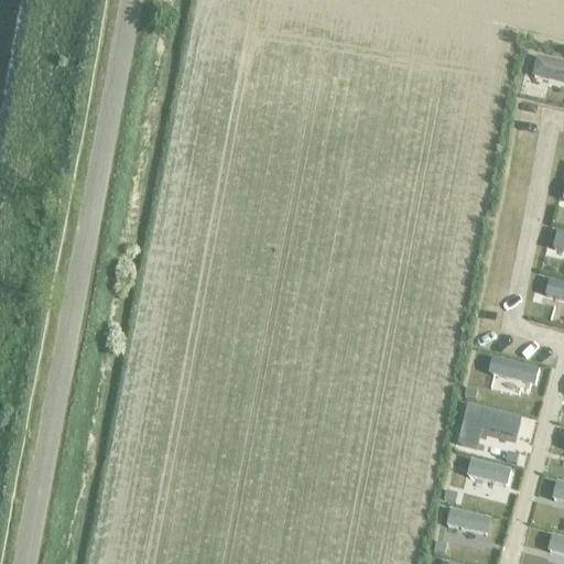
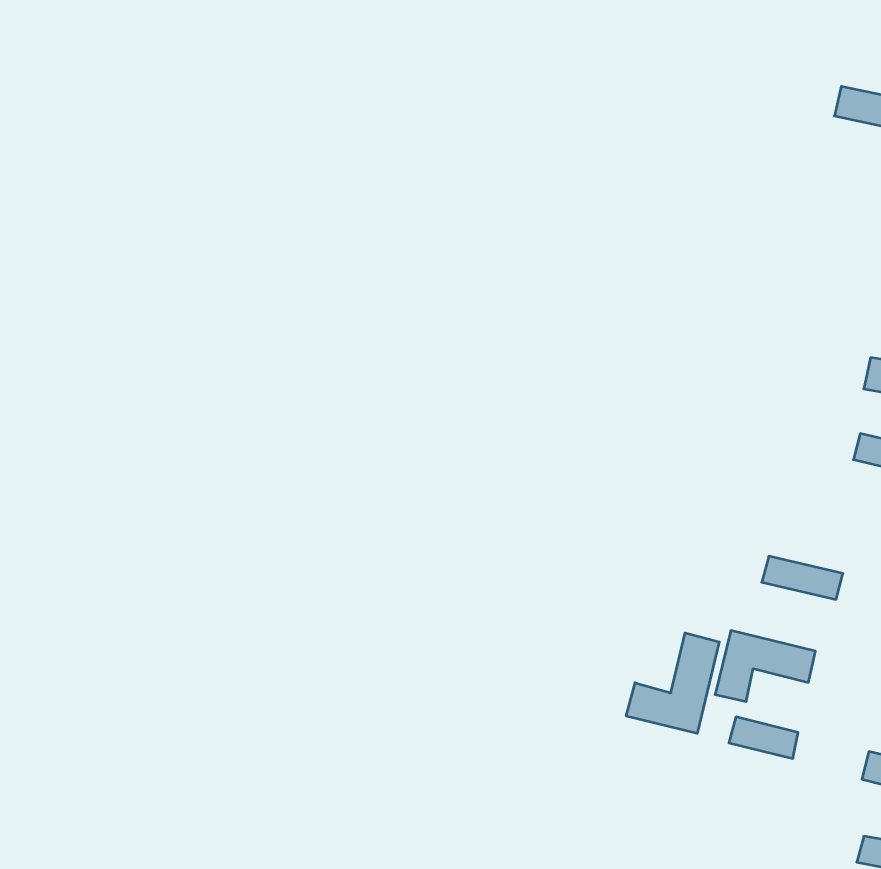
building: none -> [626,633,719,733]
building: [445,507,490,533] -> none

